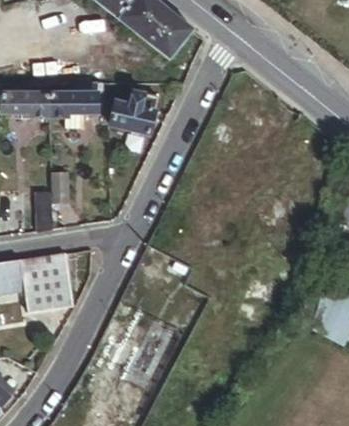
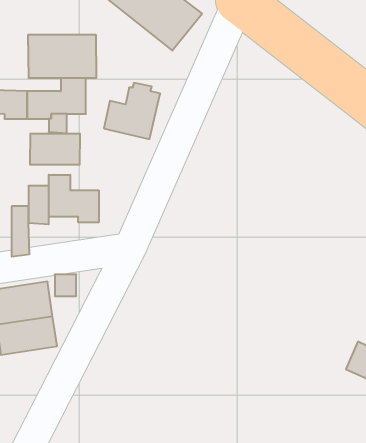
building: none -> [28,35,96,78]
building: none -> [30,134,80,165]
building: none -> [49,175,99,222]

